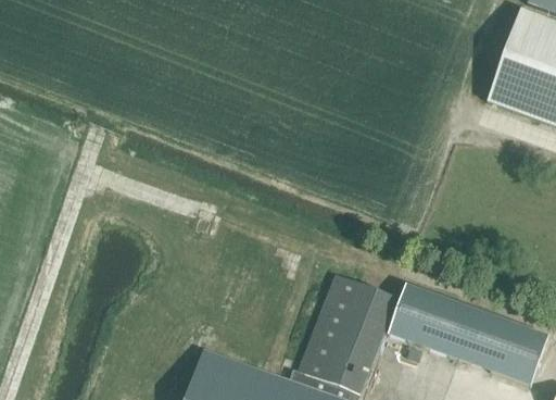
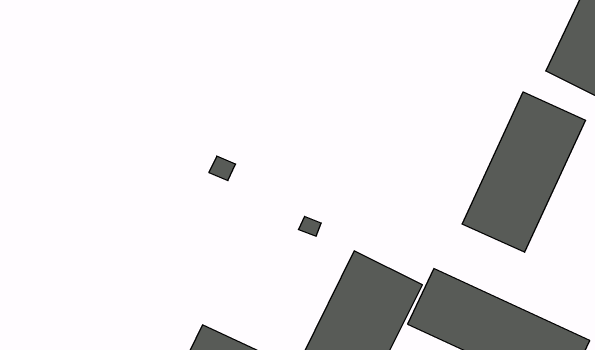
building: none -> [462,92,586,252]

